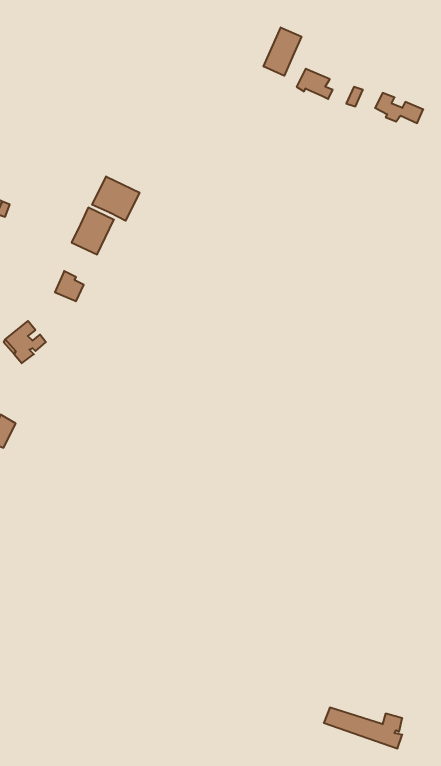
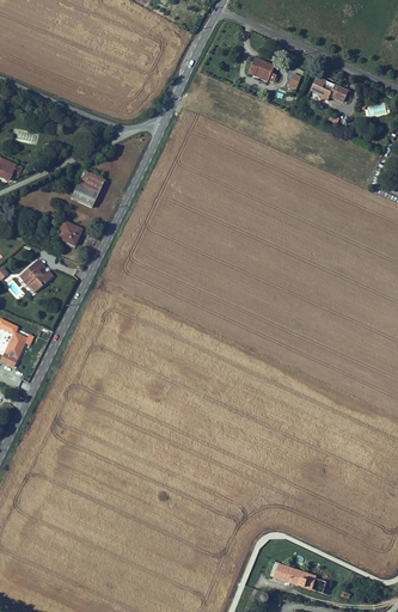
building: [264,27,301,76] -> none
building: [92,176,139,221] -> none

